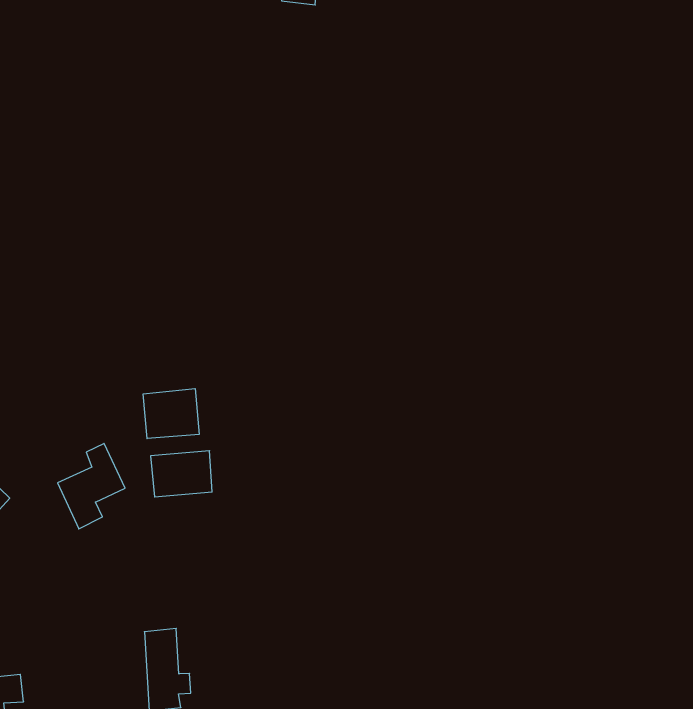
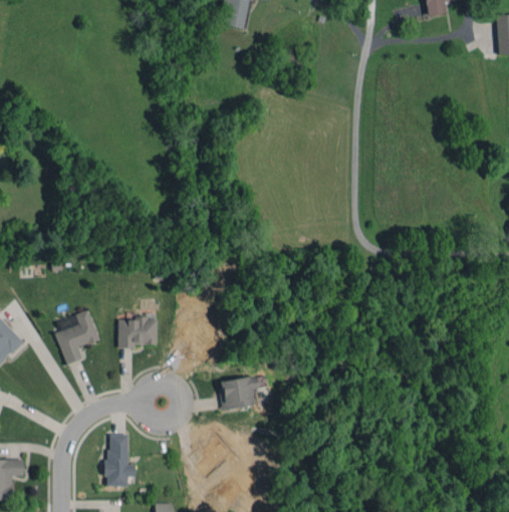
building: [143,389,199,439] -> none
building: none -> [218,375,257,410]

